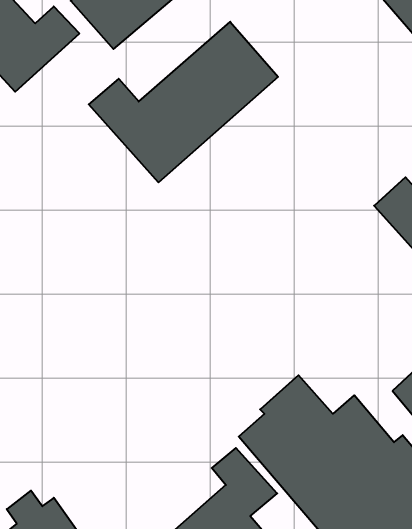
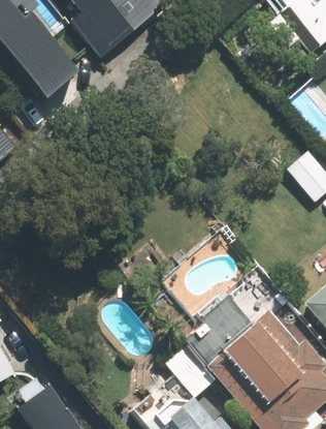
building: [89,22,278,182] -> none

